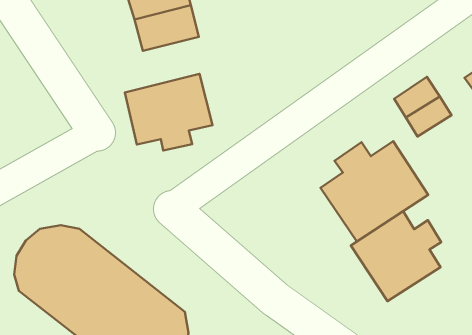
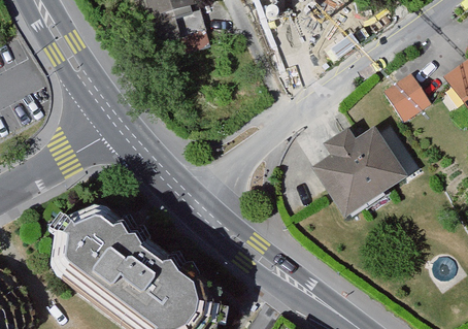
building: [125,74,213,151] -> none
building: [351,211,441,301] -> none

